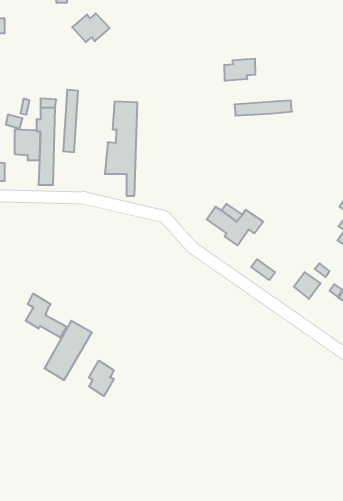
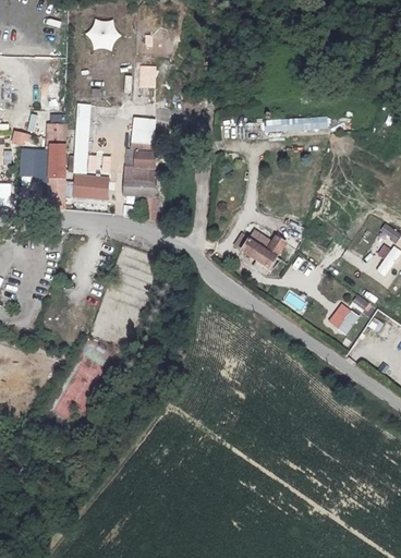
building: [224,59,255,81] -> none
building: none -> [73,173,109,198]
building: [26,294,66,338] -> none
building: [89,361,114,396] -> none

